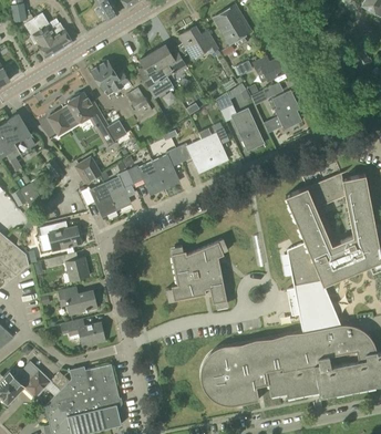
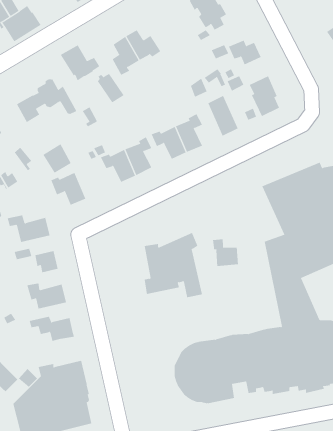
building: [175,25,218,58] -> none
building: [104,170,130,208] -> none
building: none -> [213,239,239,267]

